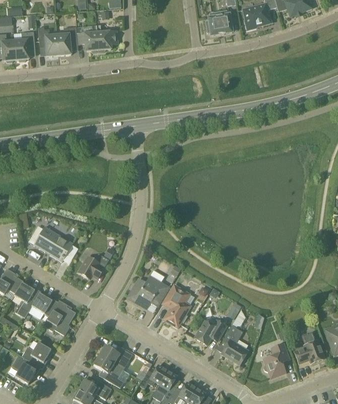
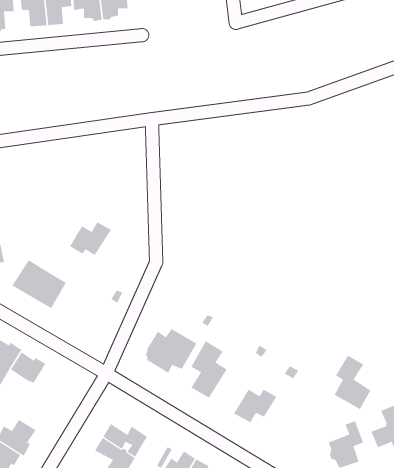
building: [78,253,109,278] -> [69,221,112,256]
building: [44,299,76,335] -> none
building: [221,324,248,364] -> [334,355,371,410]

